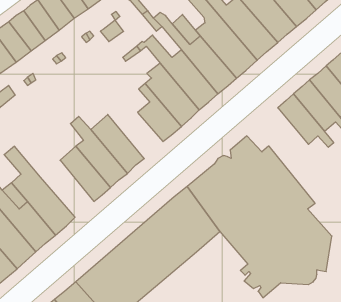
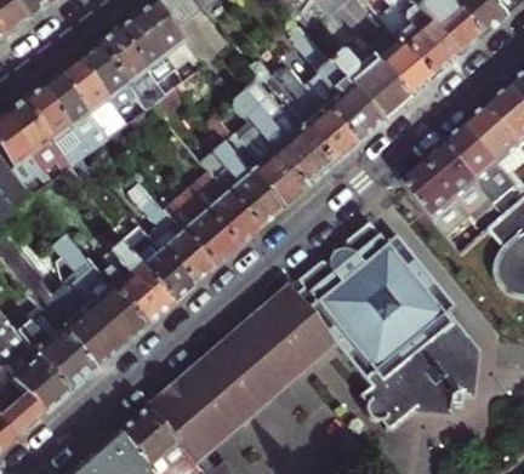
building: none -> [181,167,257,250]
building: none -> [98,244,167,326]

